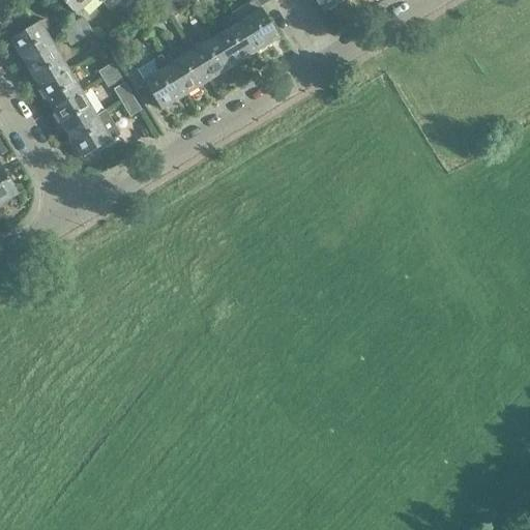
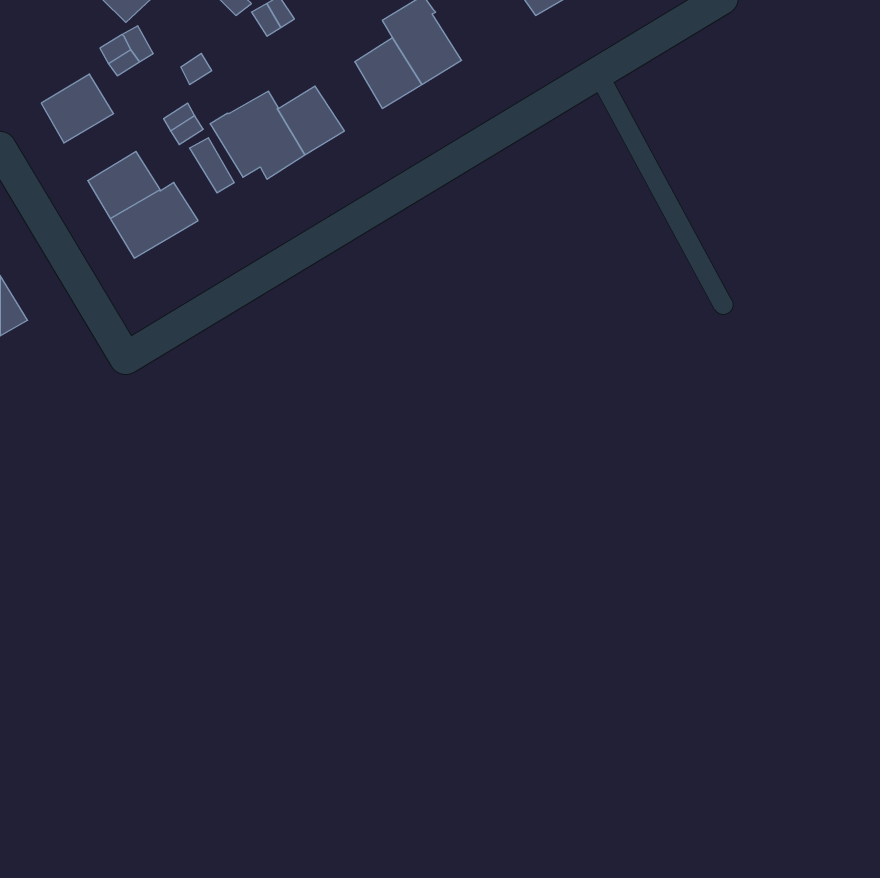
building: [10,21,54,62] -> none
building: [189,37,230,79] -> none
building: [38,68,82,109] -> none

